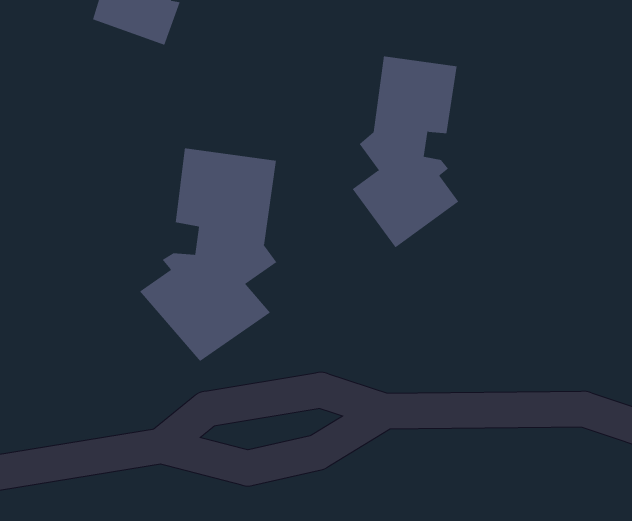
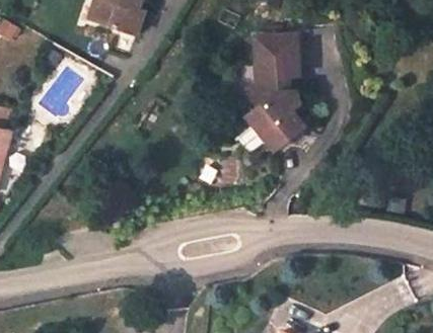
building: [139,147,277,362] -> none

